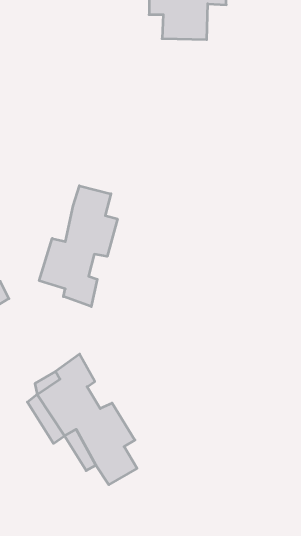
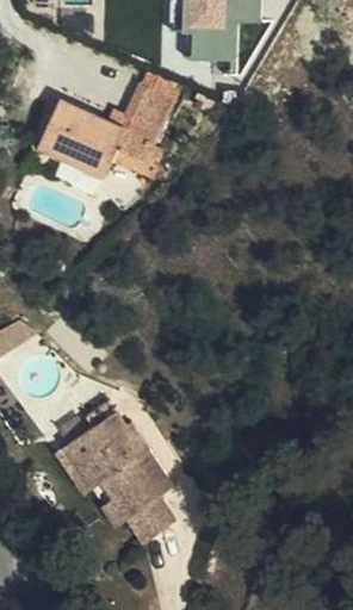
building: none -> [47,81,174,172]
building: [39,186,117,307] -> none

